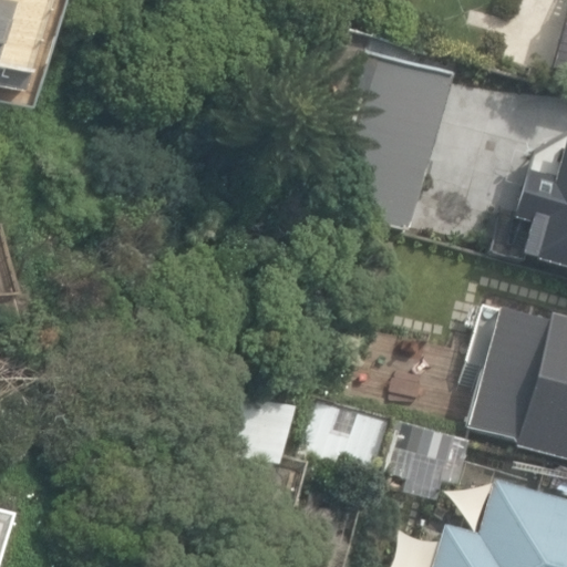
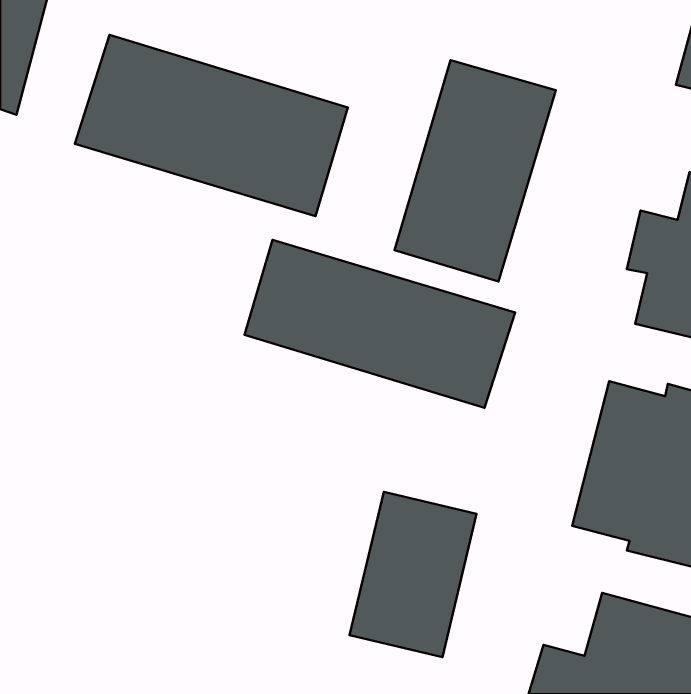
building: none -> [75,35,348,216]
building: none -> [244,240,515,408]

